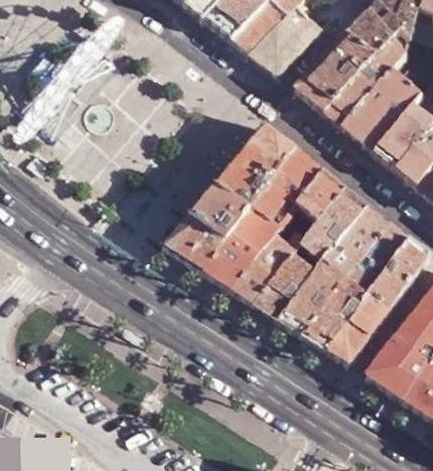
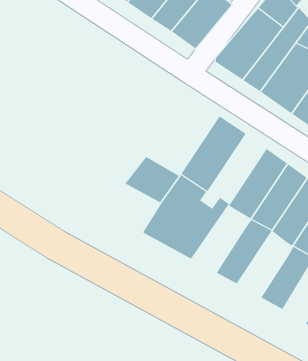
building: [213,121,296,210] -> none
building: [279,169,344,244] -> none
building: [164,214,226,268] -> none
building: [255,256,314,318] -> none
building: [302,277,360,348] -> none

